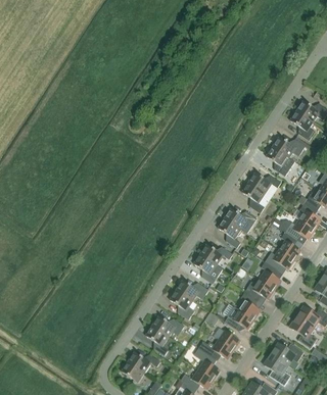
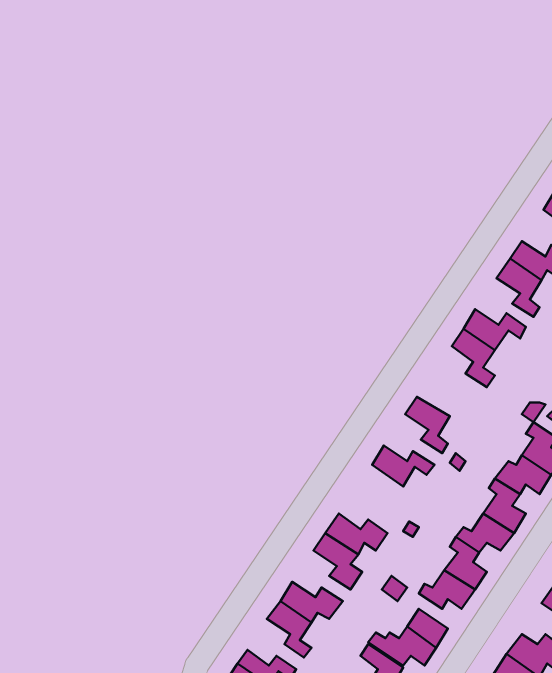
building: [224,207,258,228] -> none
building: [193,253,223,283] -> none

